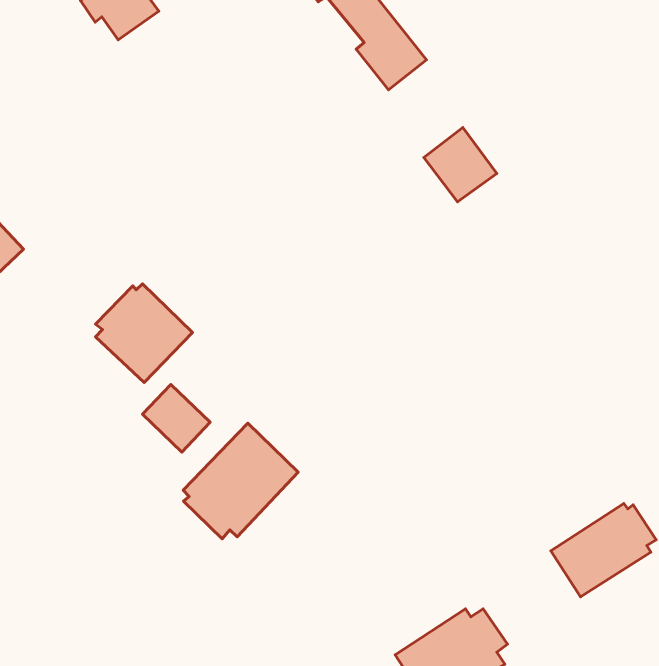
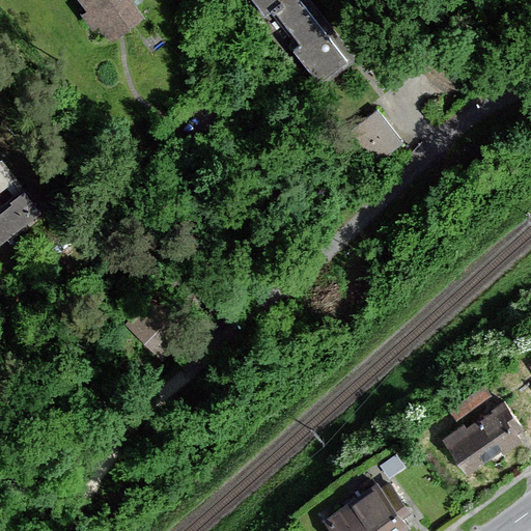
building: [96,284,193,383] -> none
building: [183,423,298,539] -> none

